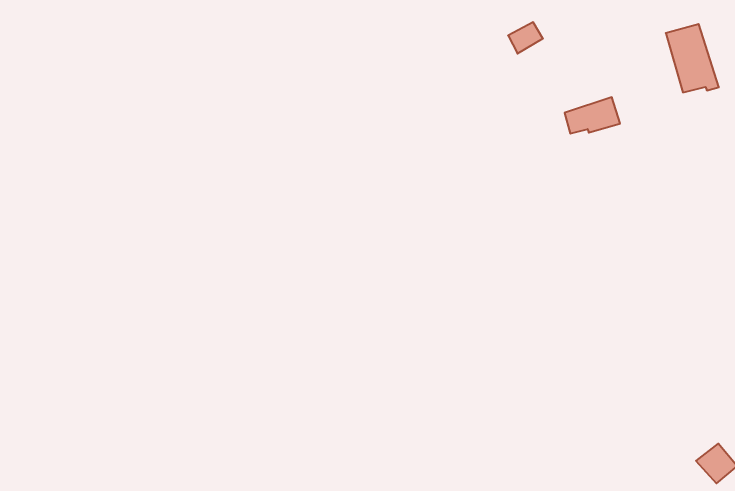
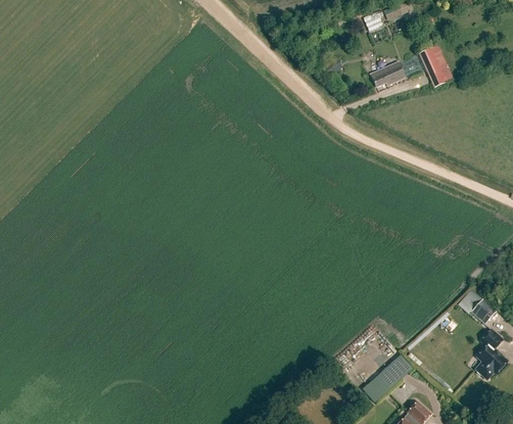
building: [565,97,620,134] -> [371,60,406,86]

